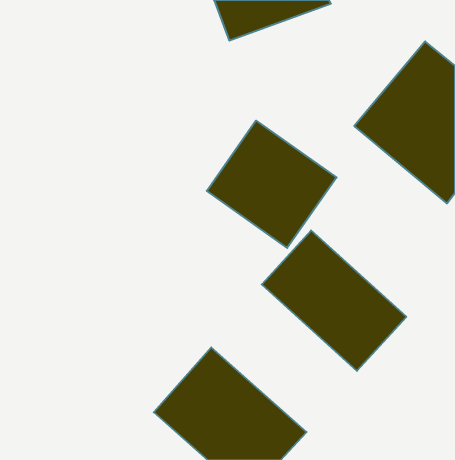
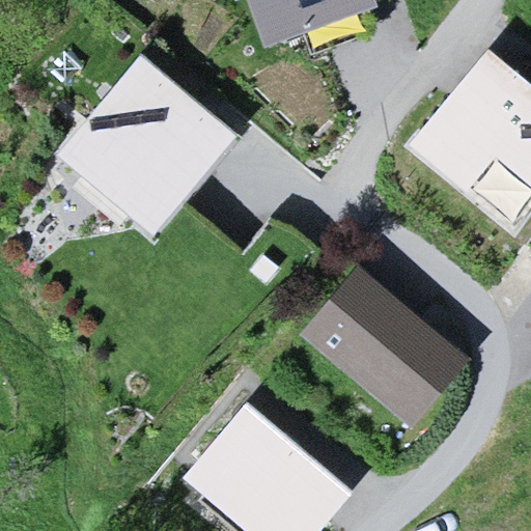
building: none -> [49,38,247,236]
building: [207,121,337,248] -> none

